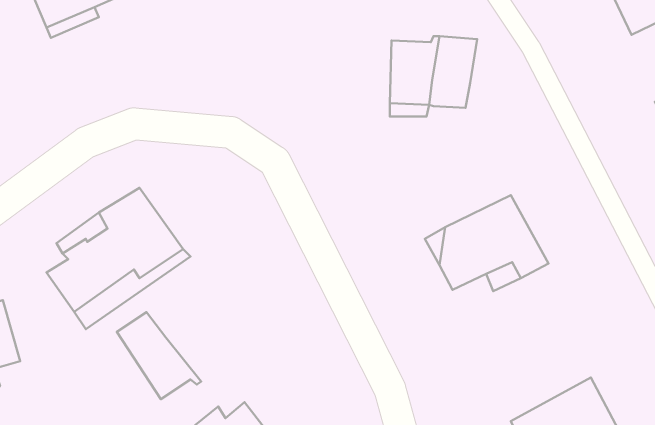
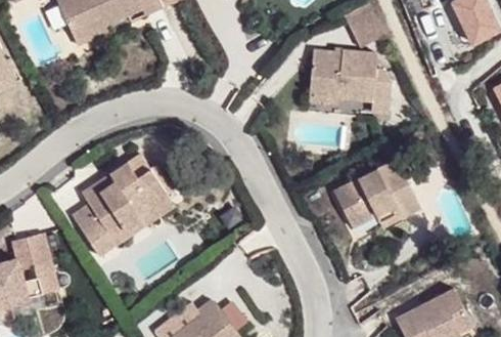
building: none -> [365,48,392,110]
building: [117,312,201,399] -> none

